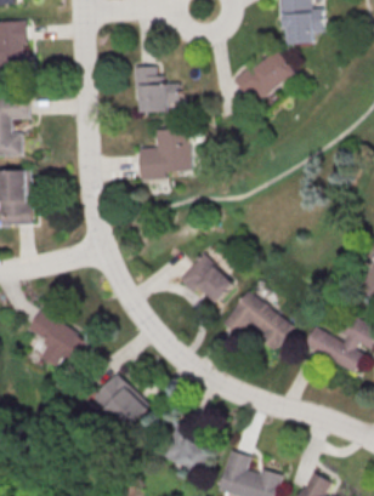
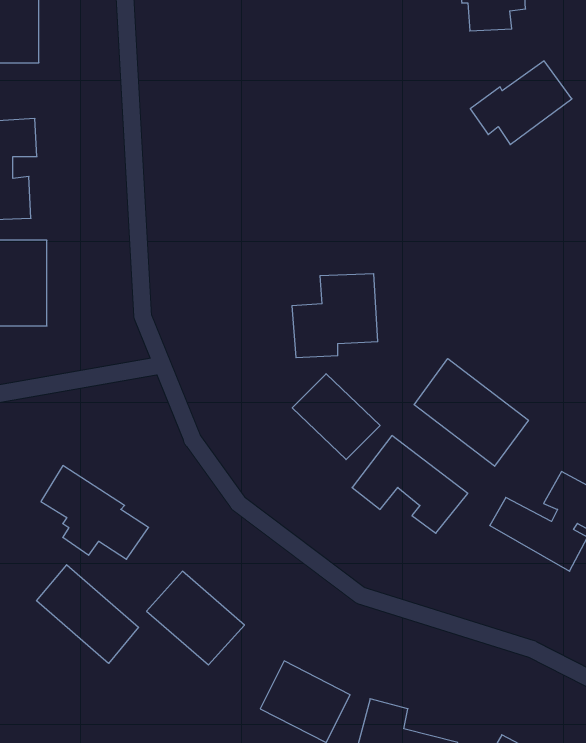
building: [236,49,298,99] -> [470,61,572,145]
building: [134,65,178,112] -> none
building: [137,129,189,179] -> [292,274,378,358]
building: none -> [414,359,528,466]
building: none -> [37,565,139,663]

